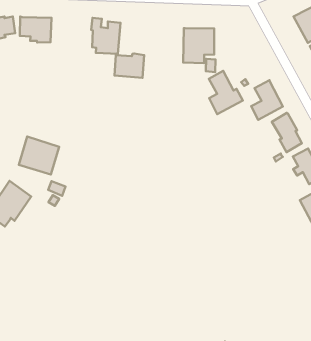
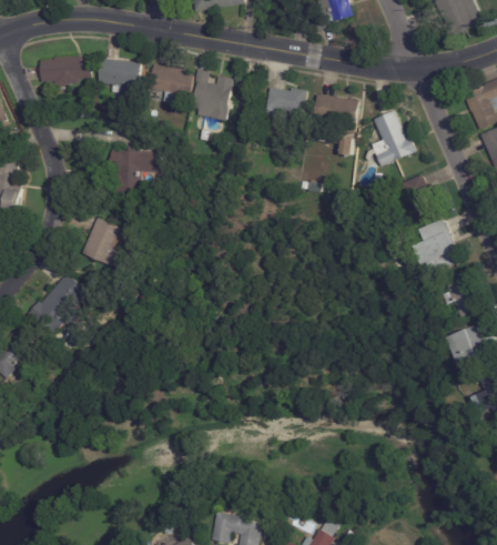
building: none -> [149,63,193,105]
building: [114,54,144,78] -> [264,87,306,120]
building: [209,71,243,114] -> [372,109,416,165]
building: none -> [108,147,160,195]

